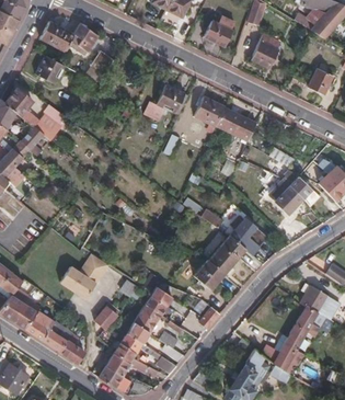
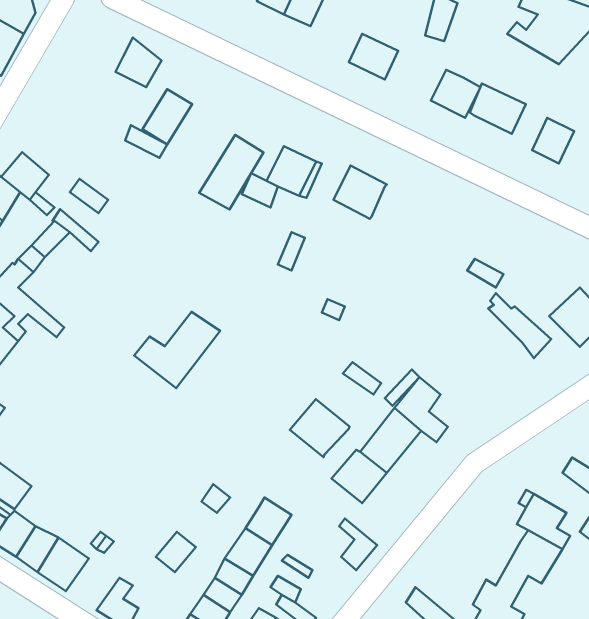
building: [41,22,74,52] -> none
building: none -> [470,84,526,134]
building: [35,56,65,84] -> none
building: none -> [199,135,264,210]
building: [217,108,257,141] -> none
building: [268,179,303,215] -> none
building: none -> [290,399,349,457]
building: [59,253,108,297] -> [134,312,220,388]
building: [42,321,73,352] -> none

